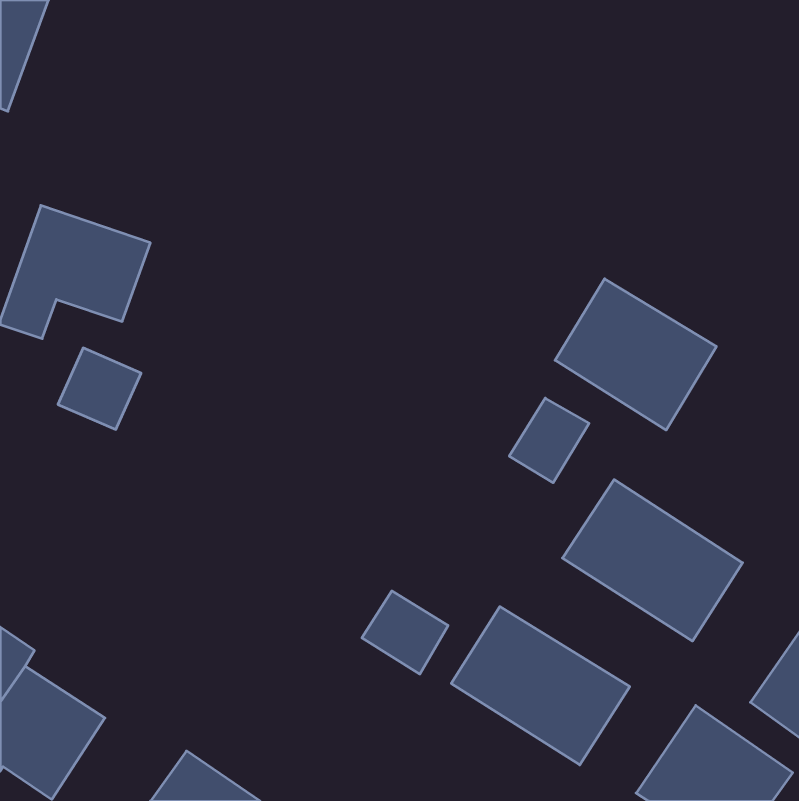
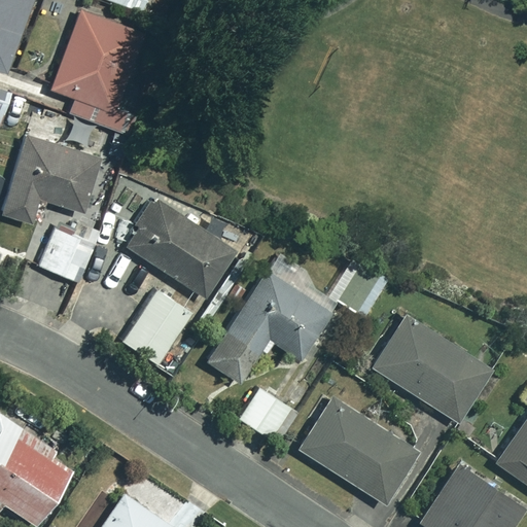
building: none -> [51,8,147,127]
building: [555,279,716,430] -> none
building: none -> [124,200,235,297]
building: none -> [210,268,335,380]
building: none -> [122,291,192,365]

